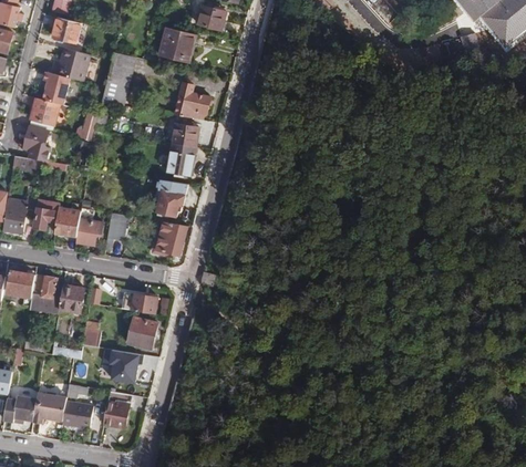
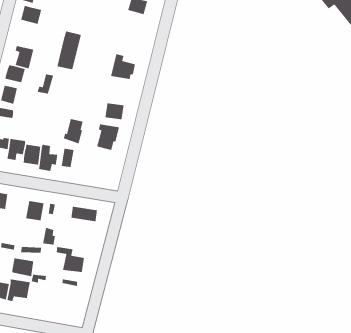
building: [158,28,196,61] -> none
building: [55,48,90,81] -> none
building: [172,123,199,147] -> none
building: none -> [63,118,83,145]
building: [155,221,187,256] -> none
building: [29,276,62,313] -> none
building: [126,316,157,349] -> none
building: [102,401,128,428] -> none
building: [61,402,92,428] -> [12,258,34,277]

